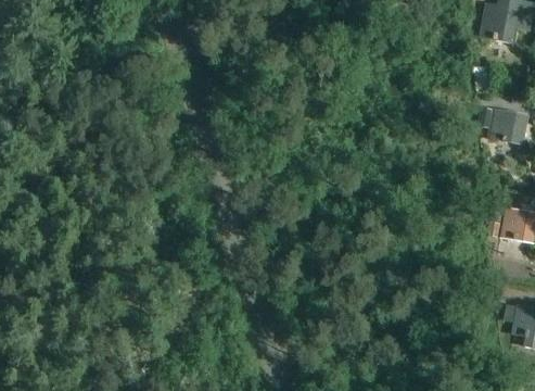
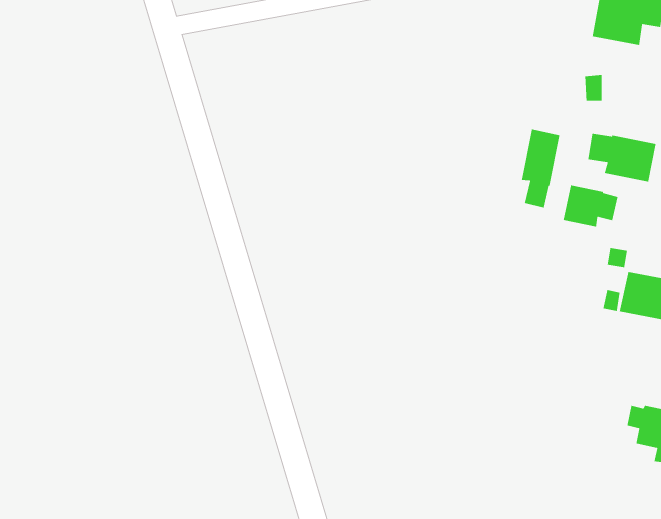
building: none -> [521,129,561,209]
building: none -> [563,185,618,227]

